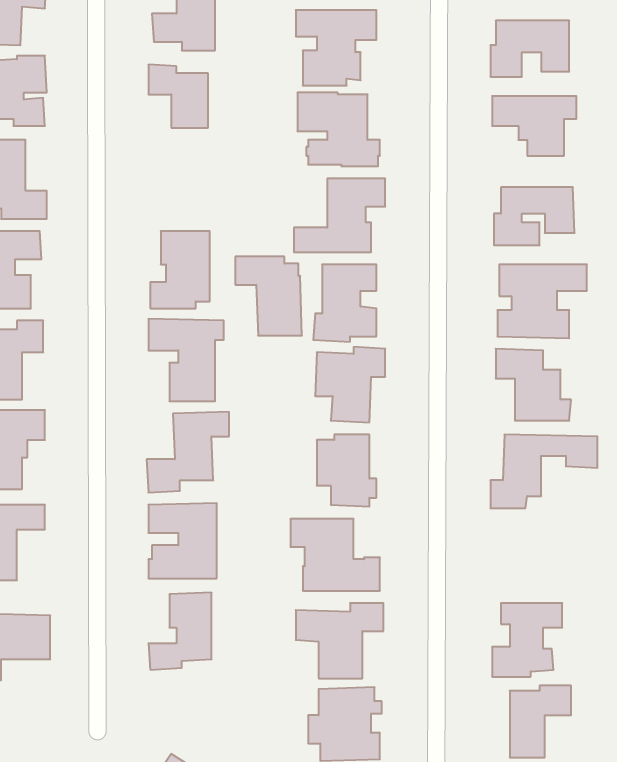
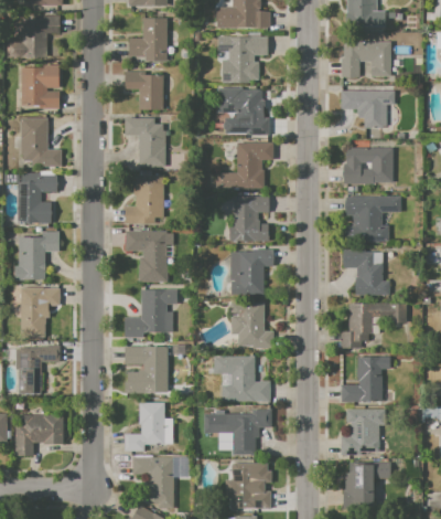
building: [235,257,302,336] -> [126,117,168,167]
building: none -> [342,356,390,401]
building: none -> [133,456,175,504]

